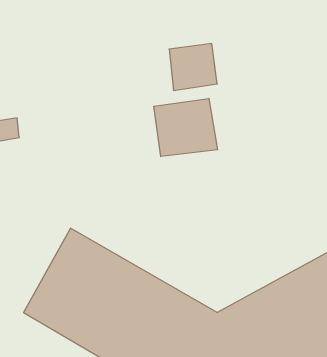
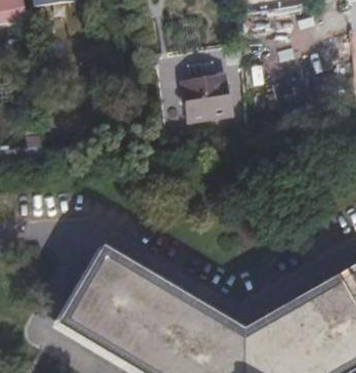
building: [154,98,217,157] -> none

